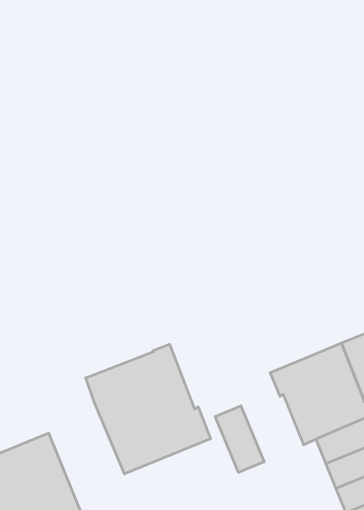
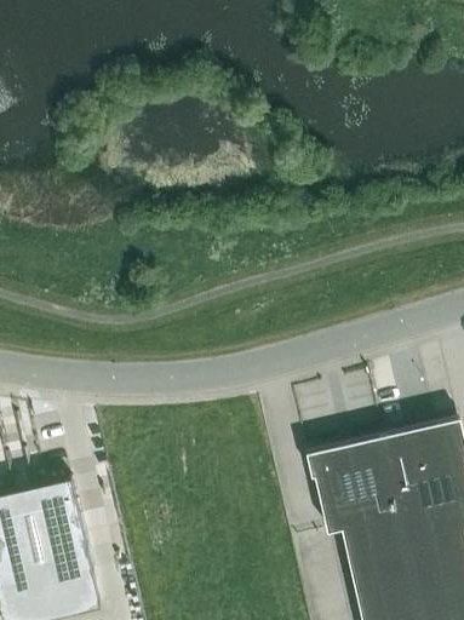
building: [86,344,211,474] -> none
building: [215,406,264,472] -> none

